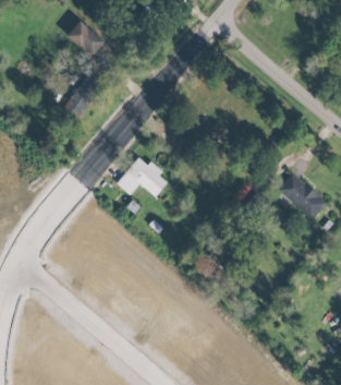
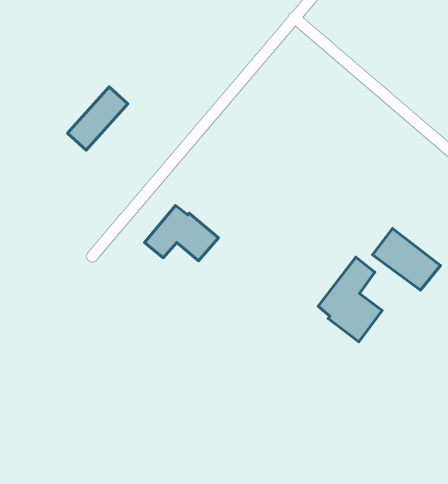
building: [66,21,105,56] -> none
building: none -> [318,257,382,342]

